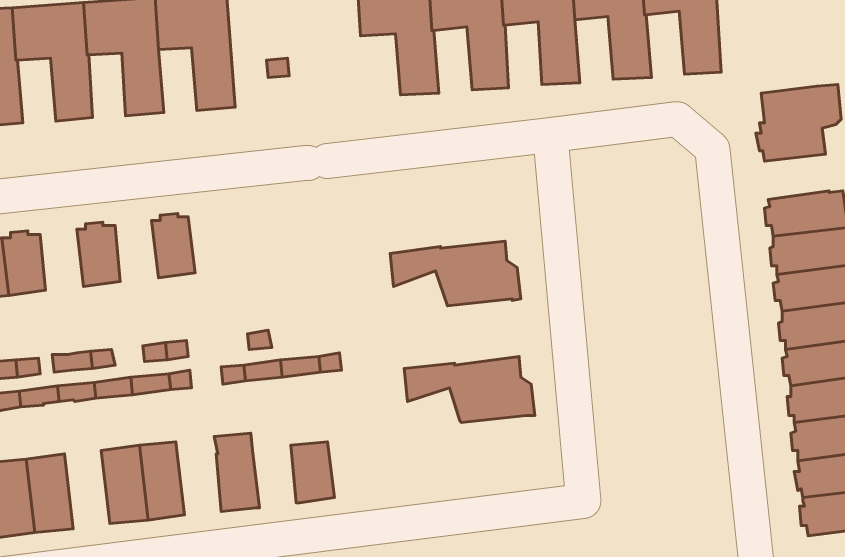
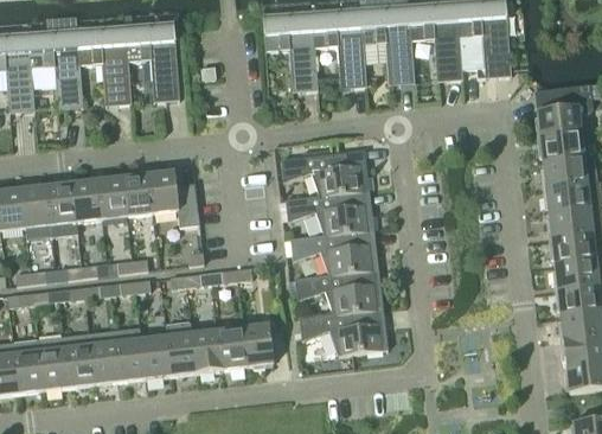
building: none -> [537,132,583,162]
building: none -> [280,147,369,196]
building: none -> [147,168,199,226]
building: none -> [97,174,127,218]
building: none -> [46,180,77,236]
building: none -> [289,230,378,275]
building: none -> [299,309,388,355]
building: none -> [242,324,273,368]
building: none -> [191,330,220,372]
building: none -> [63,333,94,387]
building: none -> [140,336,169,377]

